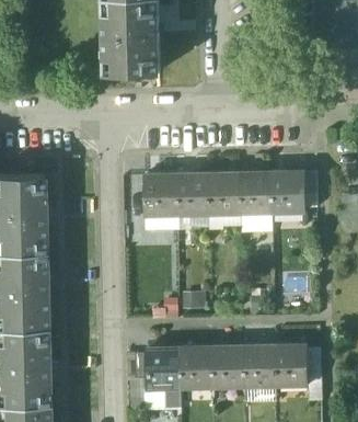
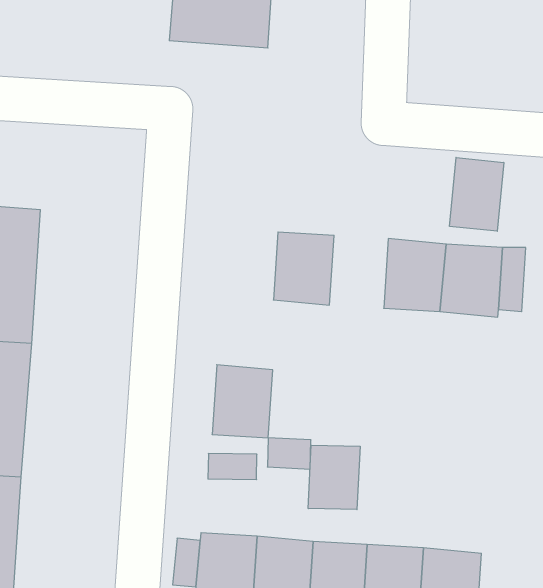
building: none -> [450,157,504,231]
building: [211,172,243,213] -> none
building: [148,174,181,214] -> [212,365,273,438]
building: none -> [308,445,360,510]

